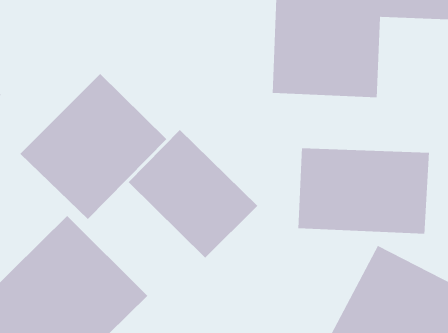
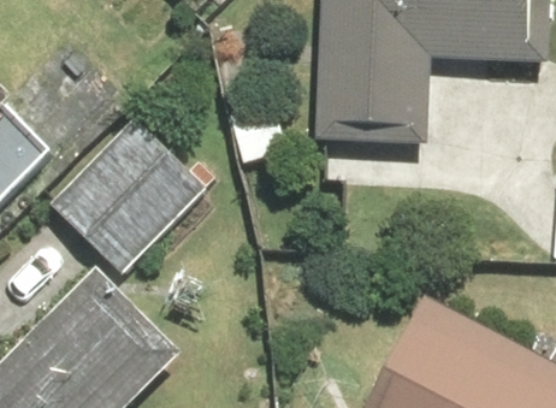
building: [128,129,258,258] -> none
building: [298,147,430,234] -> none

